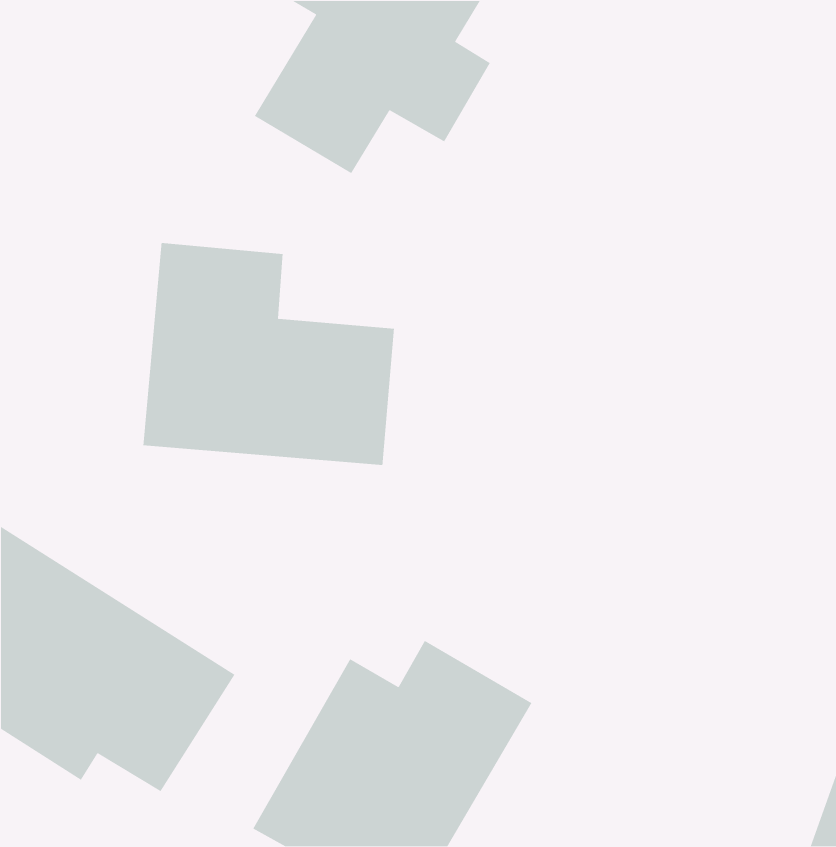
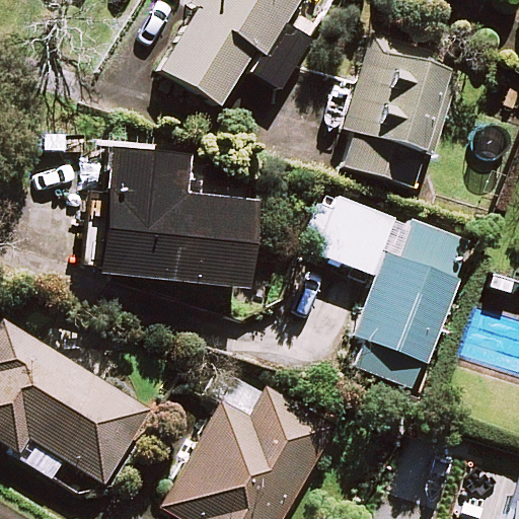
building: none -> [342,43,457,195]
building: none -> [304,184,470,388]

